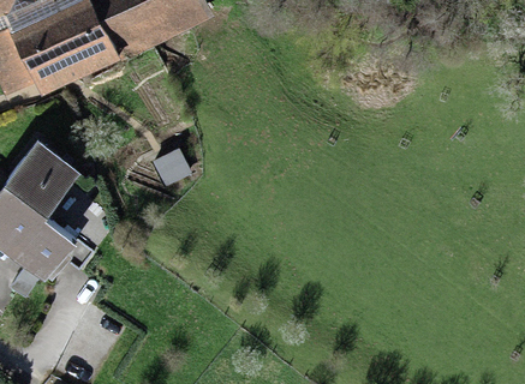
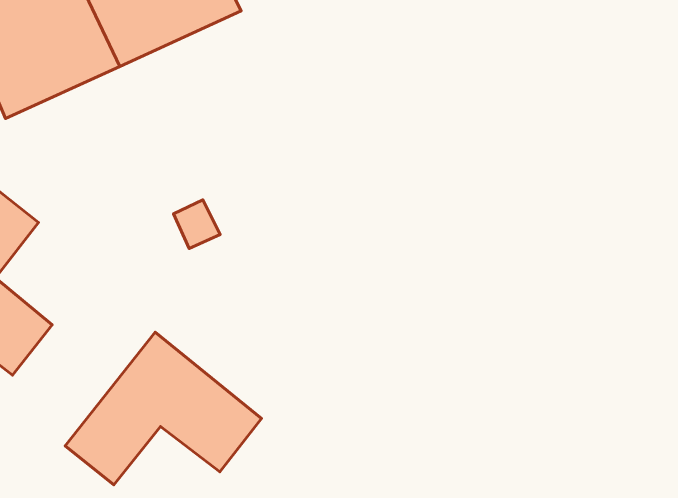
building: none -> [65,332,262,485]

